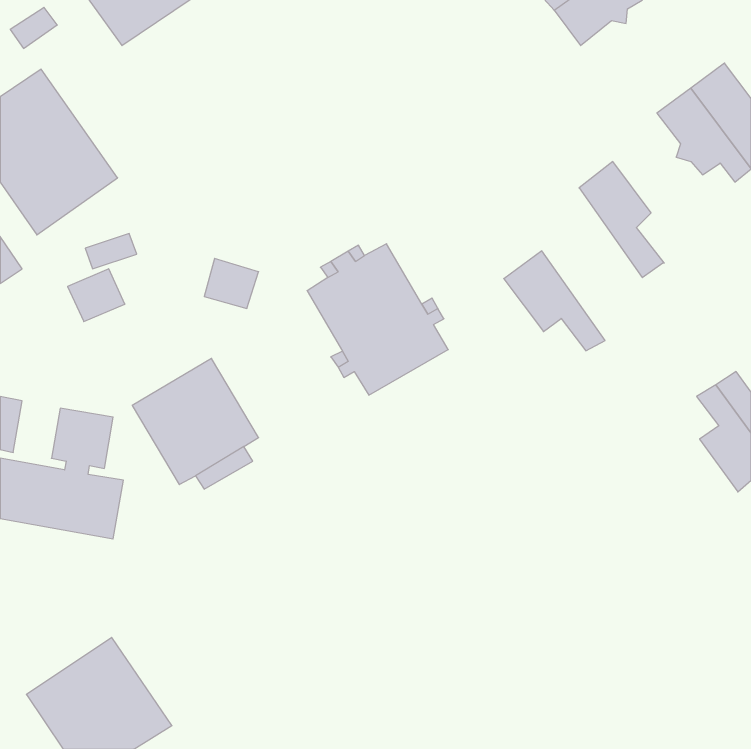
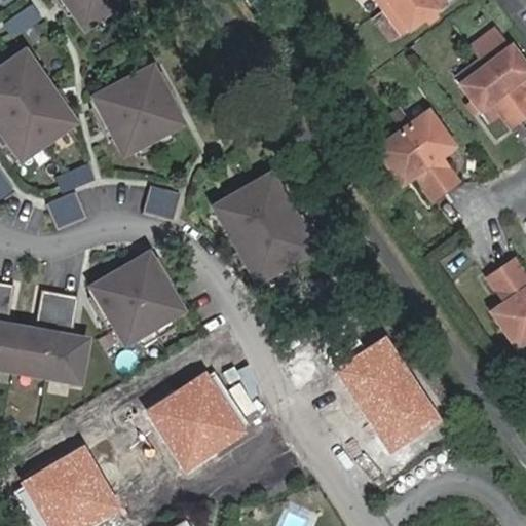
building: none -> [93,63,192,160]
building: [504,251,605,351] -> [378,132,449,201]
building: none -> [331,336,439,454]
building: none -> [143,373,245,475]

